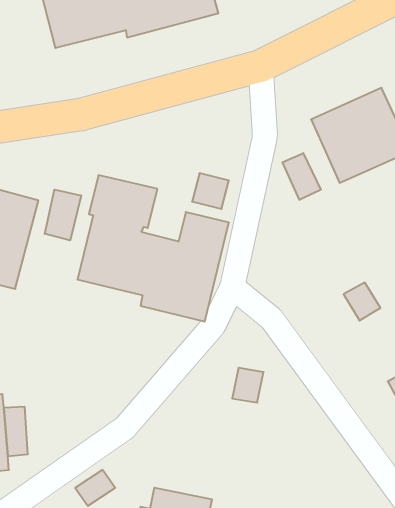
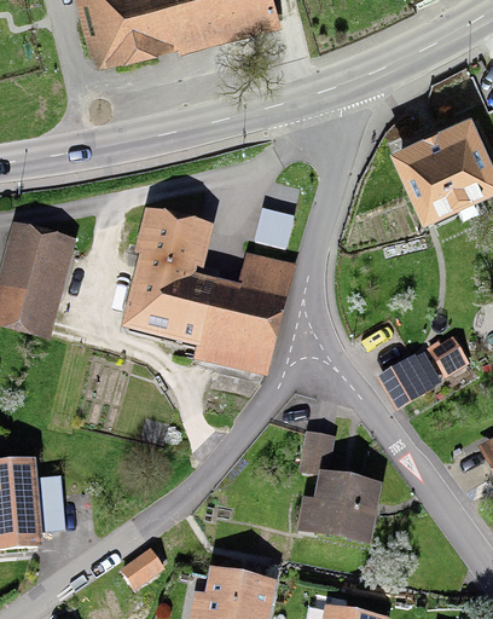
building: [283,153,321,200] -> none
building: [45,190,81,240] -> none
building: none -> [377,349,442,409]
building: none -> [297,470,383,543]

